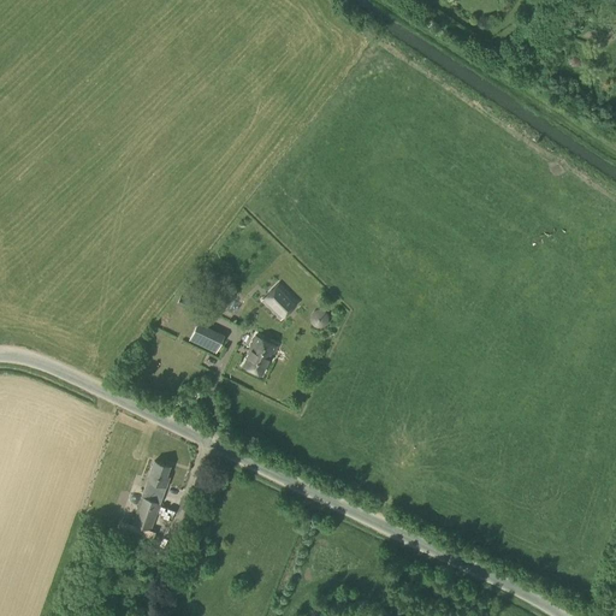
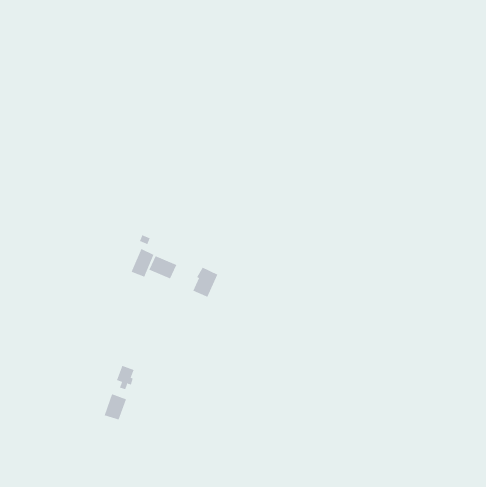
building: [261,283,298,320] -> none
building: none -> [131,248,154,277]

